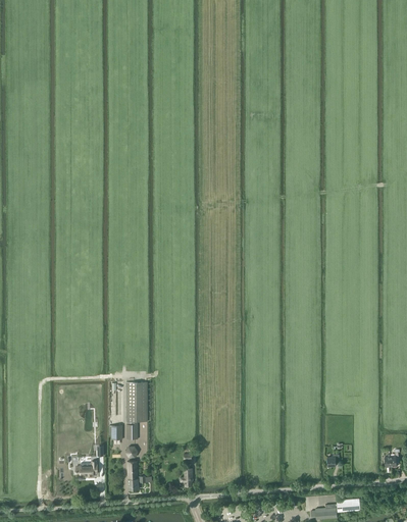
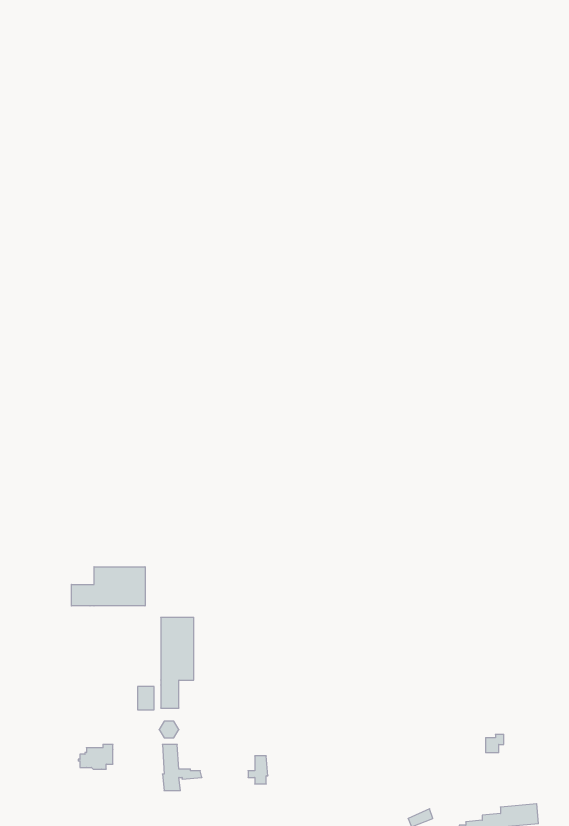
building: none -> [71,567,145,606]

